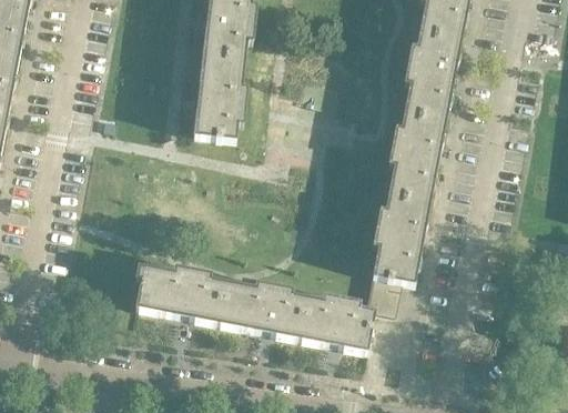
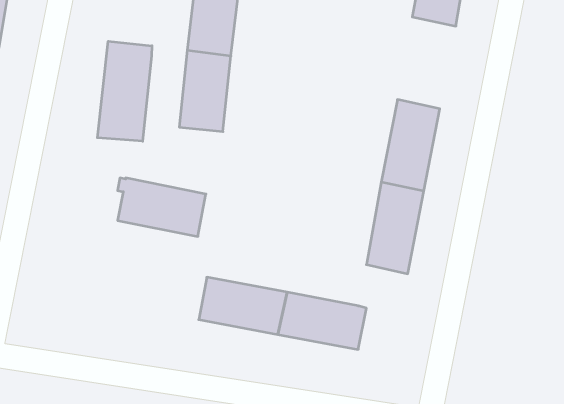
building: [404,30,460,119] -> none
building: none -> [97,41,152,141]
building: [134,266,220,323] -> [118,178,206,236]
building: [366,270,414,316] -> none

